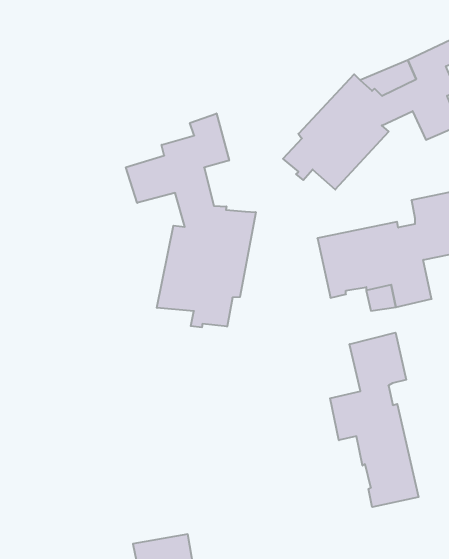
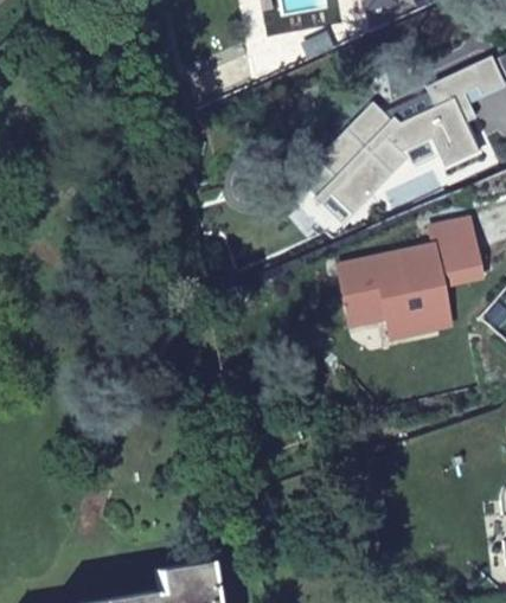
building: [126,113,256,327] -> none
building: [330,333,419,507] -> none

